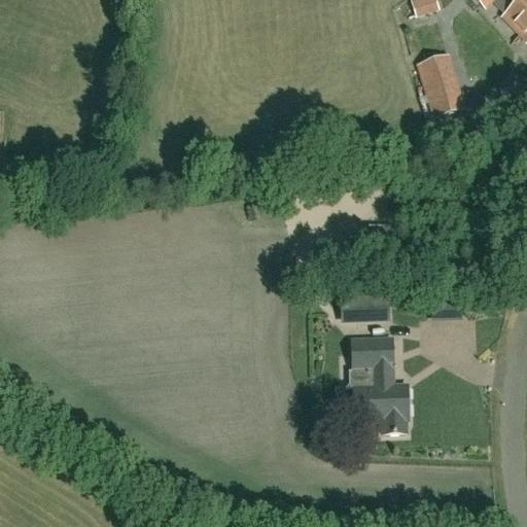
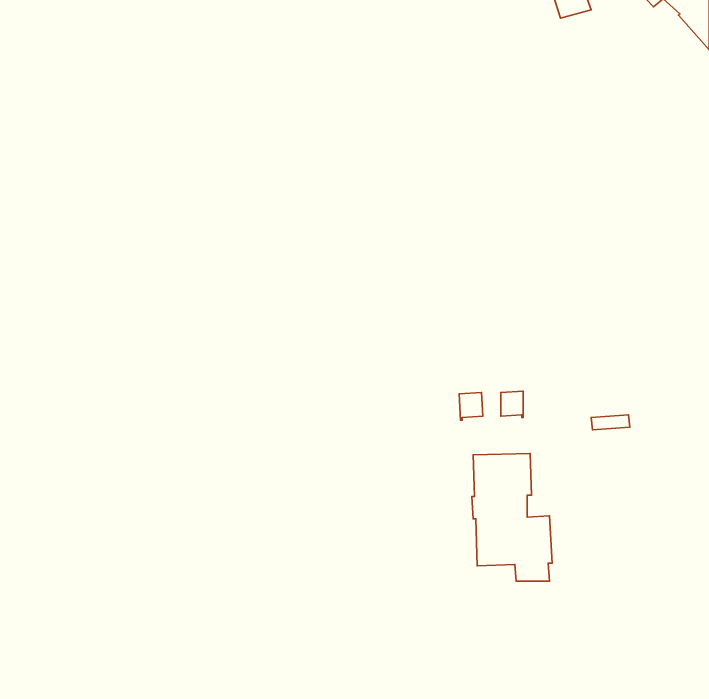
building: [420,56,462,114] -> none

